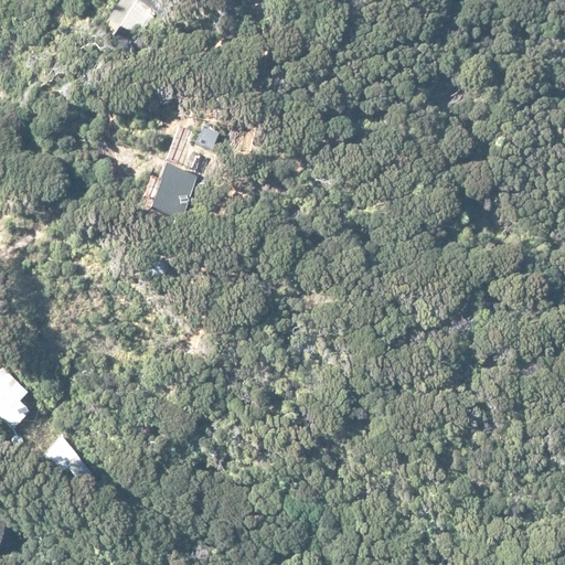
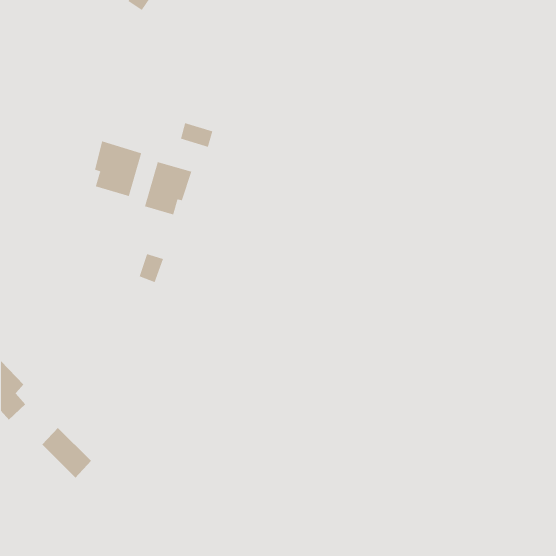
building: none -> [95,141,142,197]

